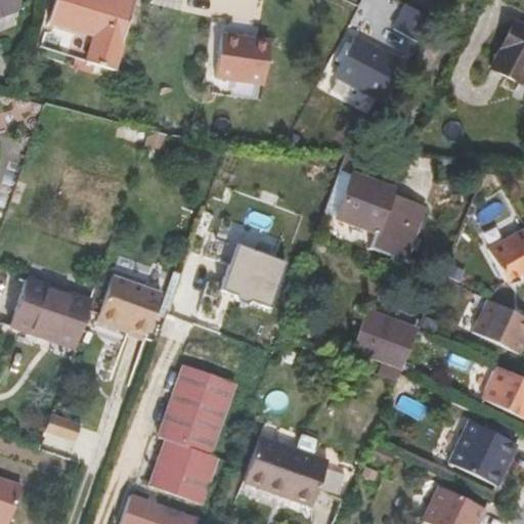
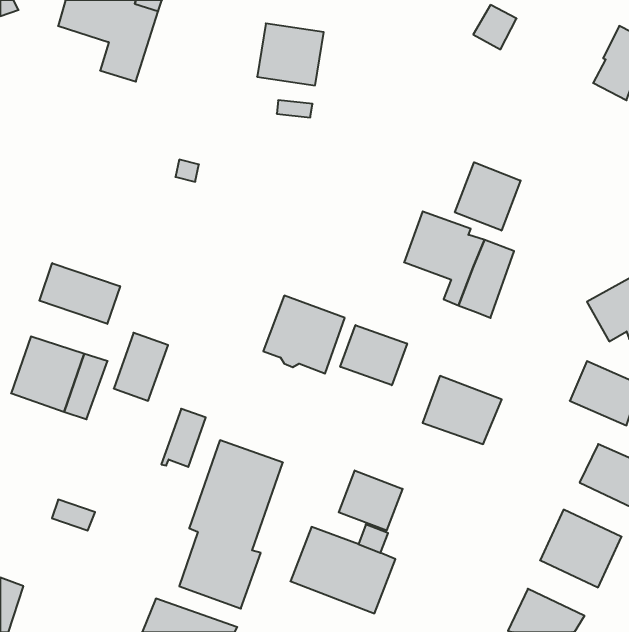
building: [335,37,399,99] -> none
building: none -> [455,162,521,231]
building: none -> [39,263,120,324]
building: none -> [340,325,407,385]
building: [125,286,162,334] -> [161,409,206,467]
building: none -> [339,470,403,531]

